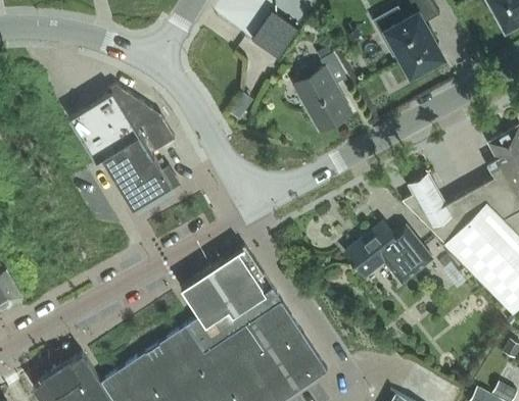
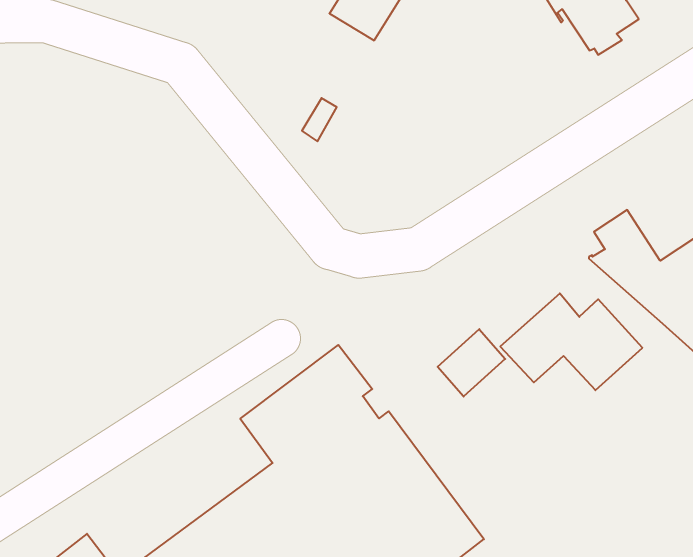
building: [294,49,351,133] -> none
building: [69,86,175,210] -> none
building: none -> [438,329,505,397]

